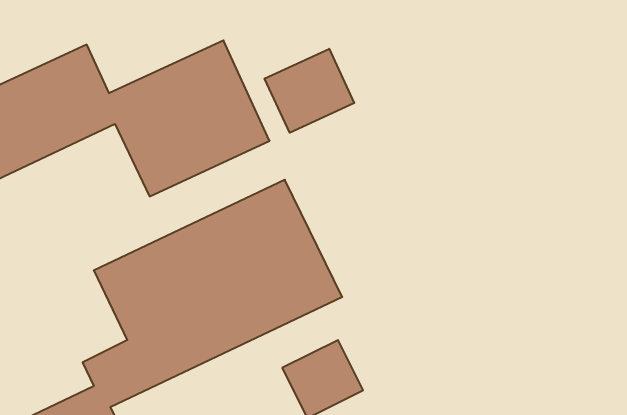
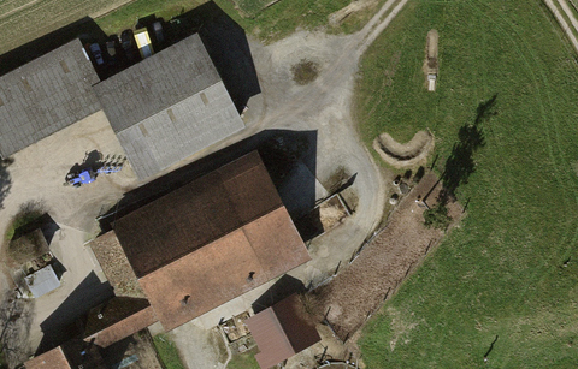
building: [265,49,354,133] -> none

